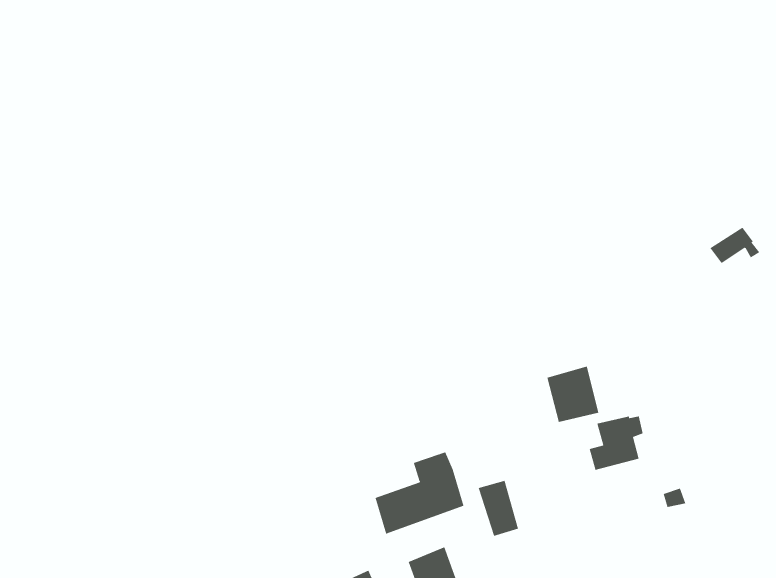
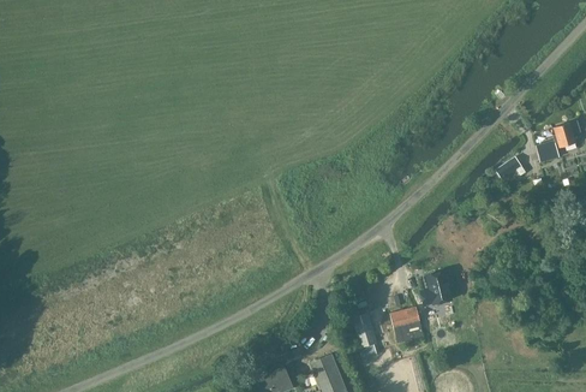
building: [547,366,599,422] -> [390,307,423,341]
building: [375,451,464,534] -> none

